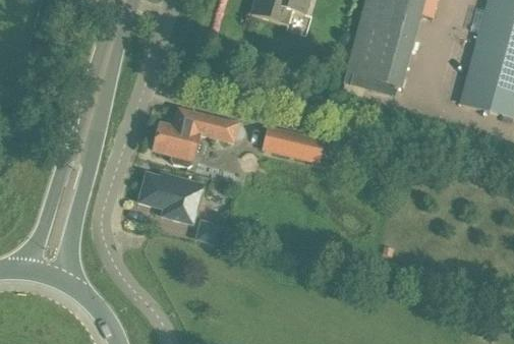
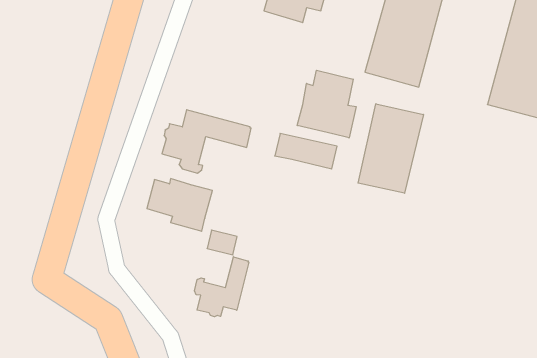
building: none -> [297,70,356,138]
building: none -> [358,104,423,193]
building: none -> [195,257,249,317]

